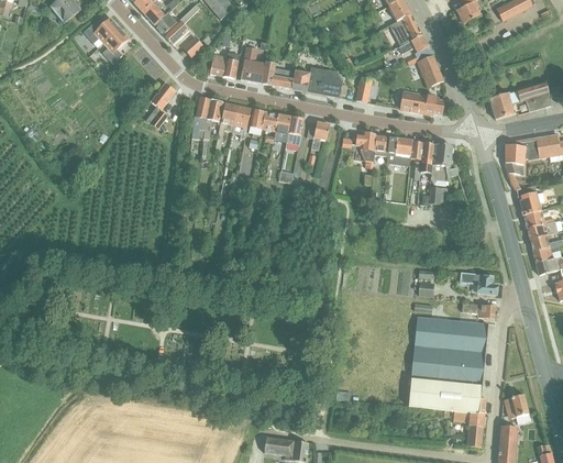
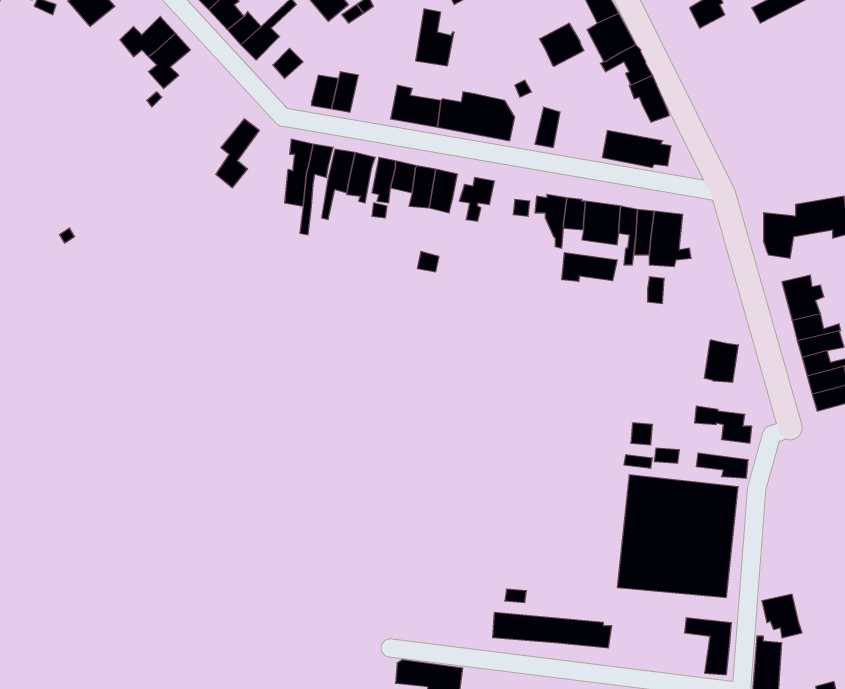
building: none -> [539,23,584,66]
building: [240,45,265,82] -> [416,9,454,66]
building: [489,81,552,119] -> none
building: none -> [562,253,617,282]
building: none -> [704,340,738,383]
building: [408,389,486,412] -> [493,612,612,648]

